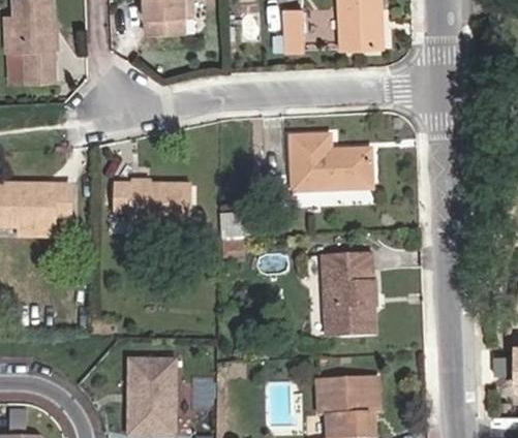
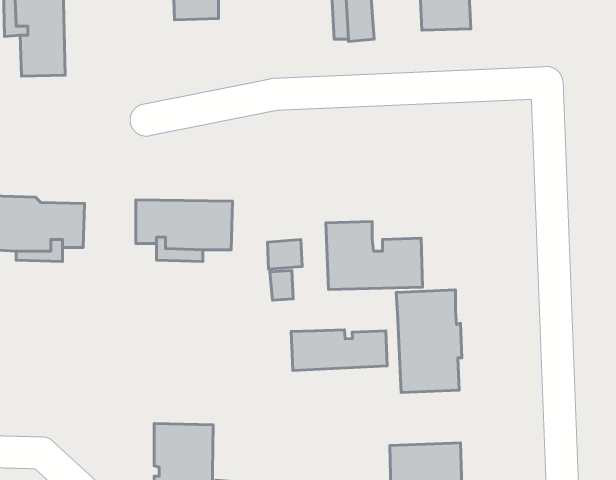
building: [292,134,369,189] -> [326,221,422,290]
building: none -> [291,330,387,370]

